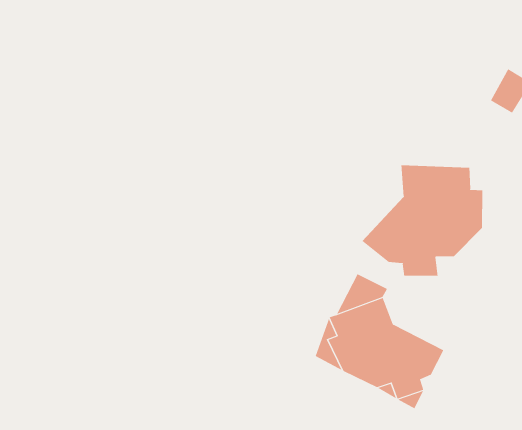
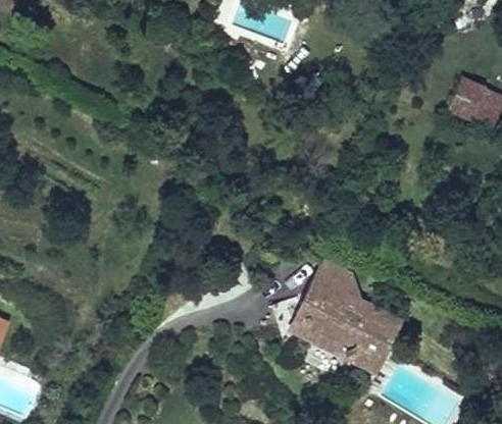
building: [362,165,483,277] -> none

